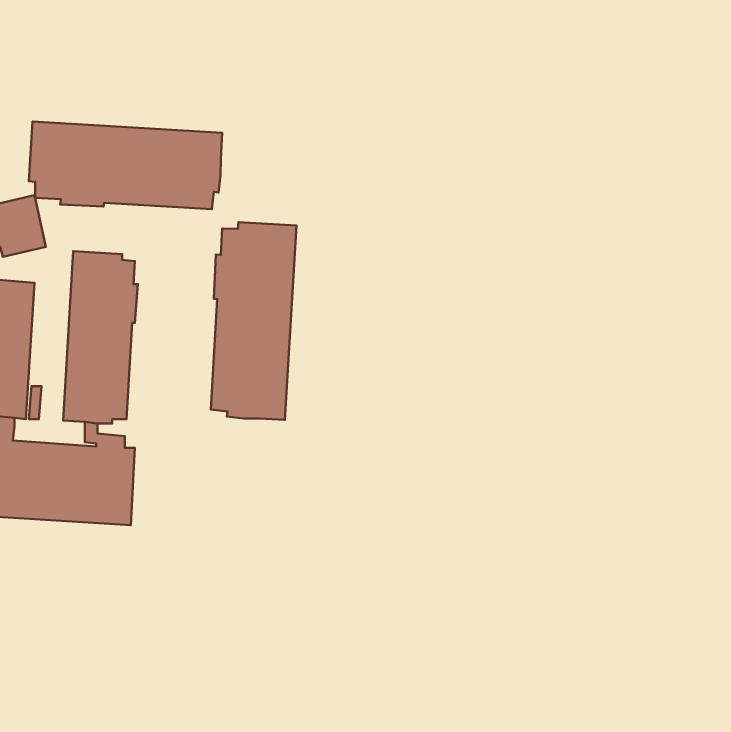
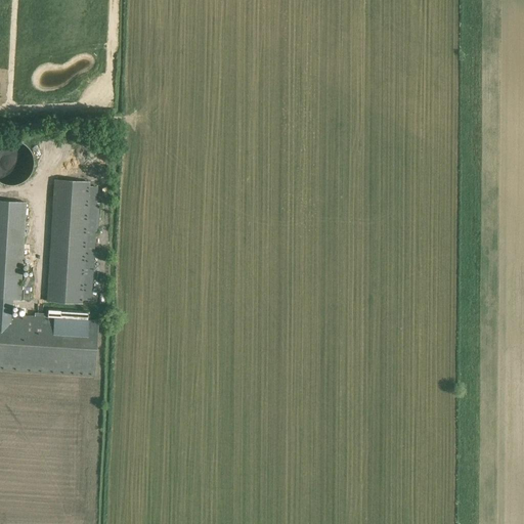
building: [29,122,222,209] -> none
building: [211,222,296,420] -> none

